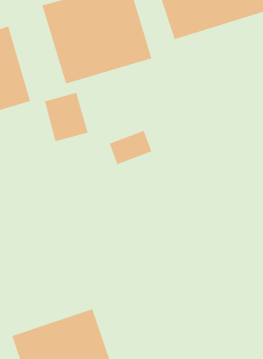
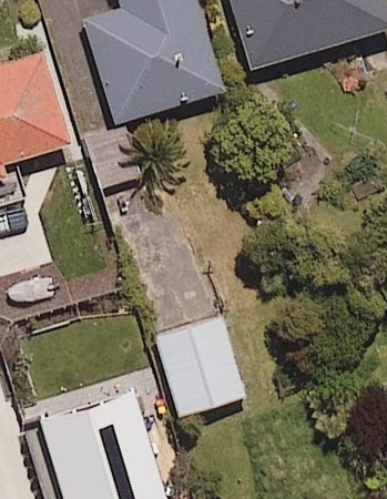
building: none -> [159,323,246,417]

